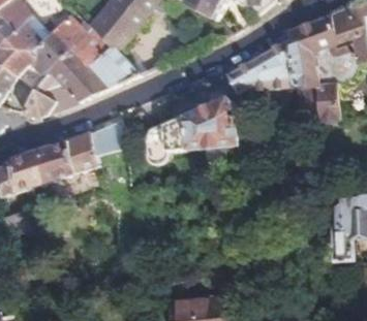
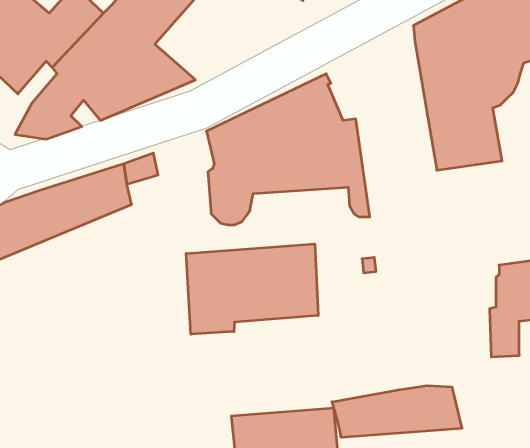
building: [230,50,296,102] -> none
building: none -> [186,244,318,334]
building: none -> [332,386,462,437]

